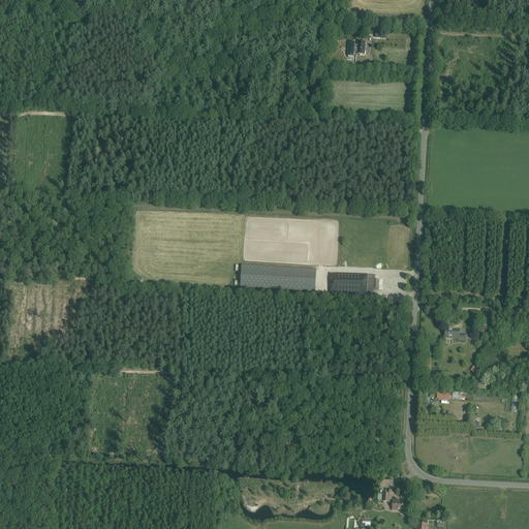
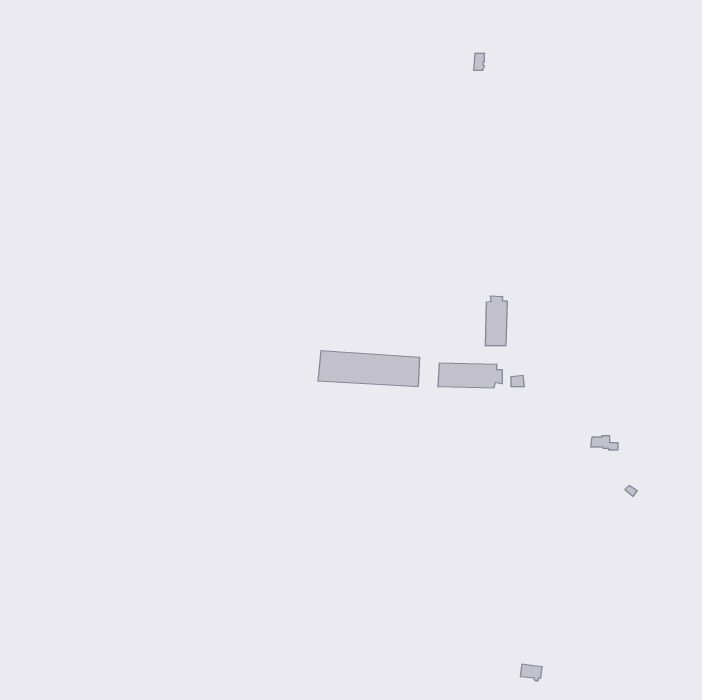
building: none -> [485,296,507,346]

